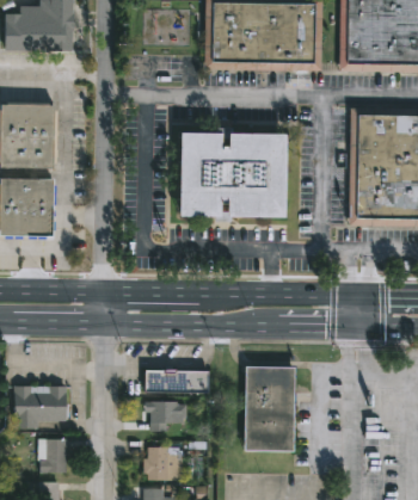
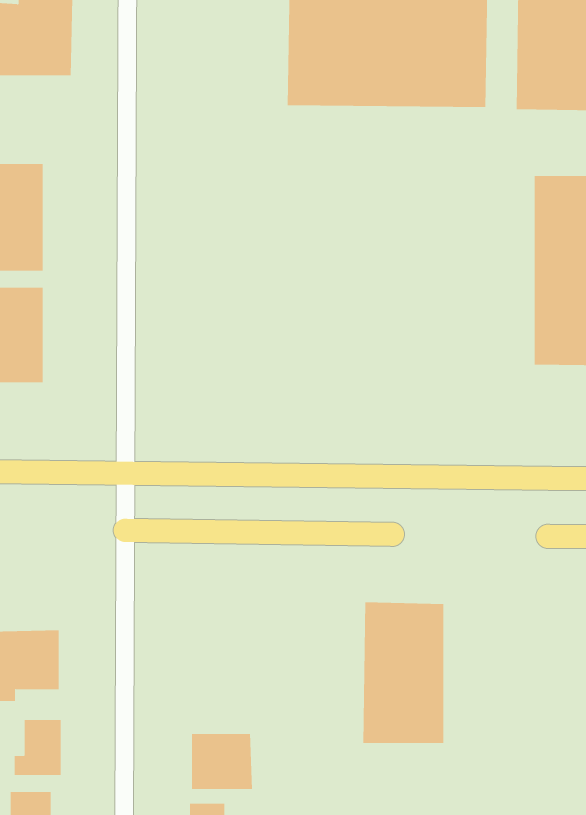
building: [184,135,282,217] -> none
building: [145,370,209,391] -> none
building: [146,399,186,427] -> none

